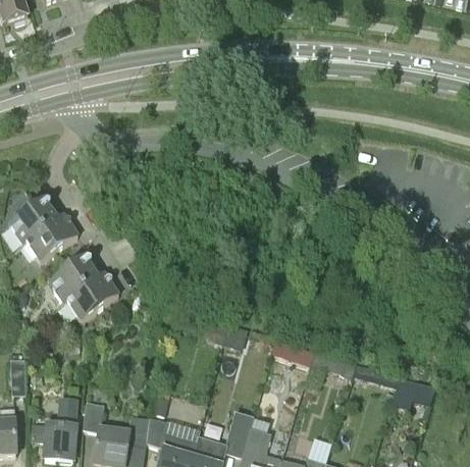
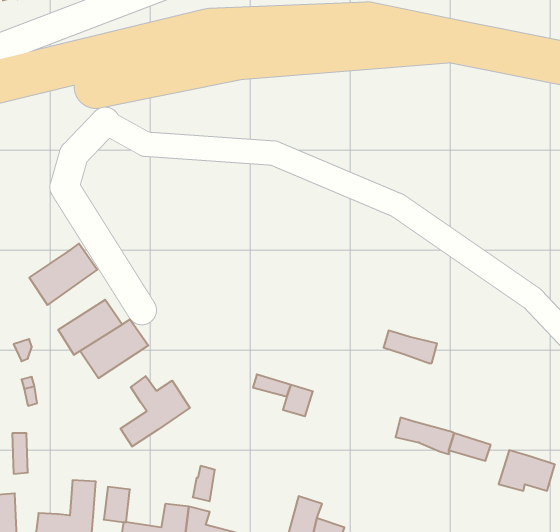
building: [8,199,57,243] -> none
building: none -> [121,376,190,447]
building: [273,339,315,364] -> [383,330,437,363]

